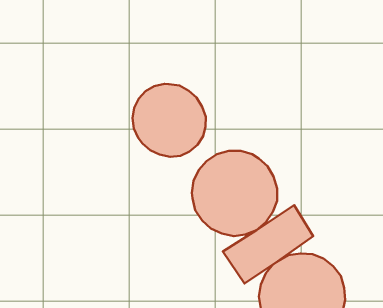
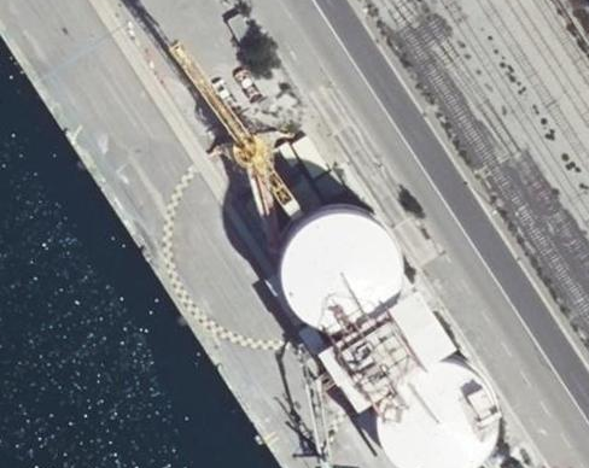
building: [133,84,206,157] -> none

